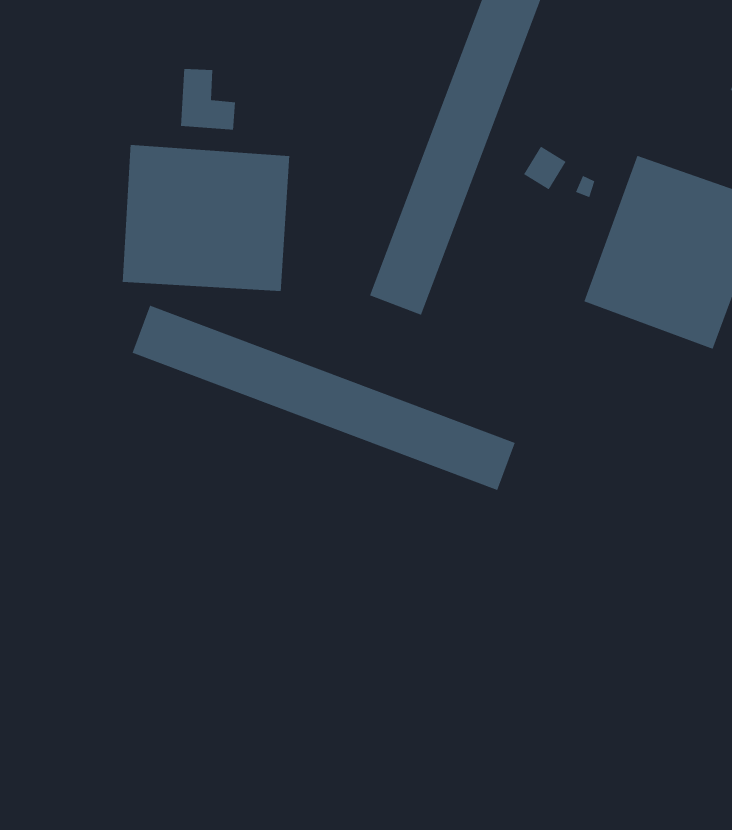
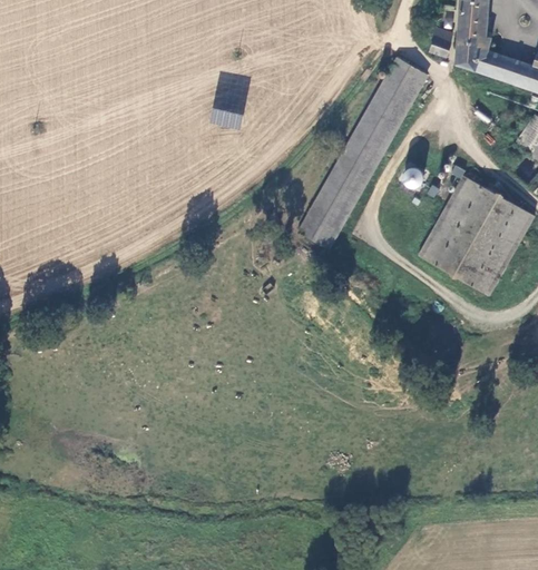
building: [122,144,290,292] -> none
building: [132,305,515,491] -> none

